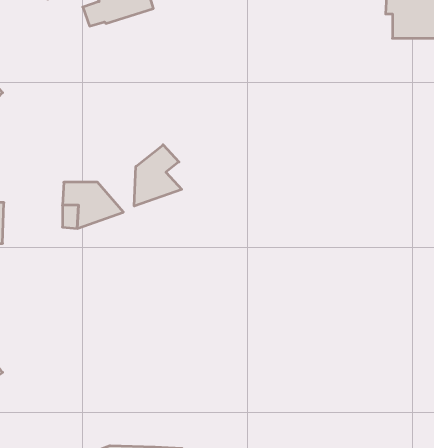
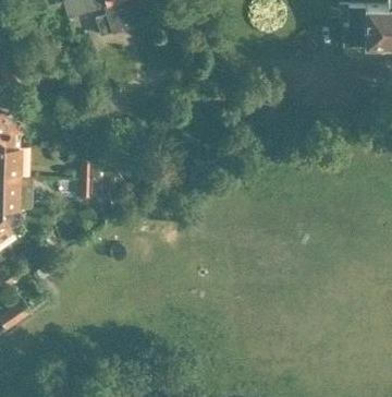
building: [134,145,182,206] -> none

